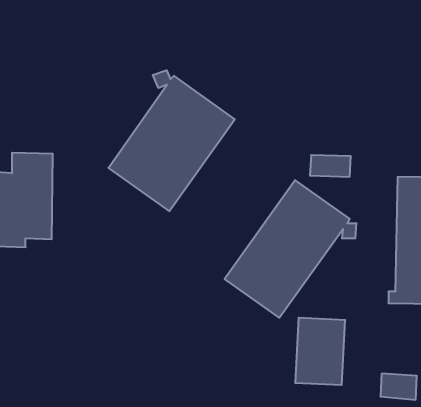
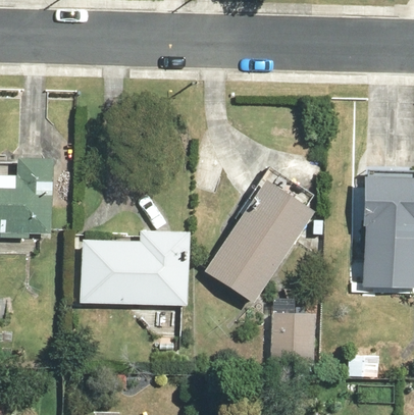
building: [108,70,235,211] -> none
building: none -> [77,228,188,305]

